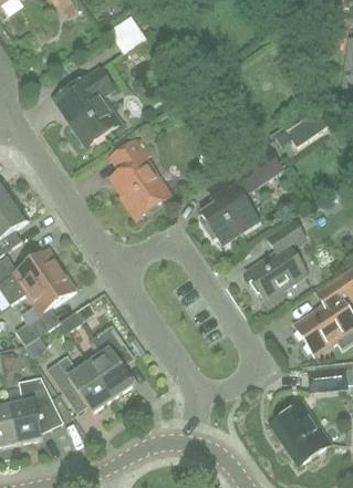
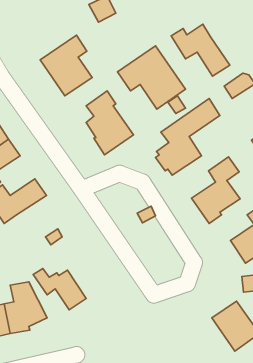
building: none -> [171,24,230,76]
building: none -> [117,46,185,109]
building: [14,269,75,345] -> none
building: [89,324,133,398] -> none

